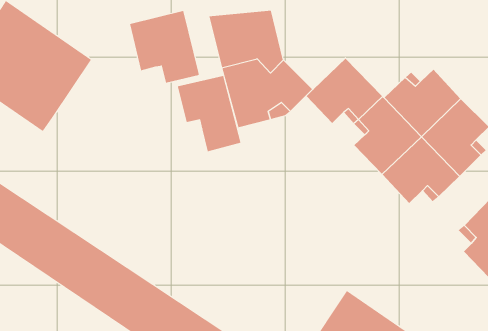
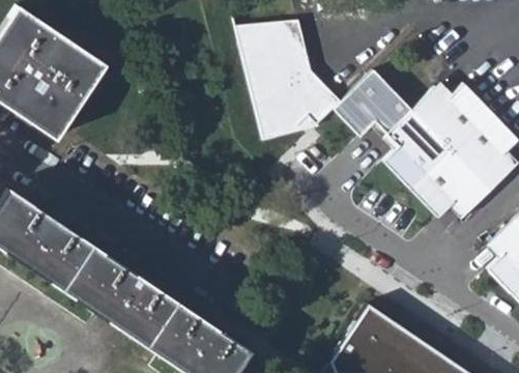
building: [129,10,200,84] -> none
building: [177,75,241,152] -> none

